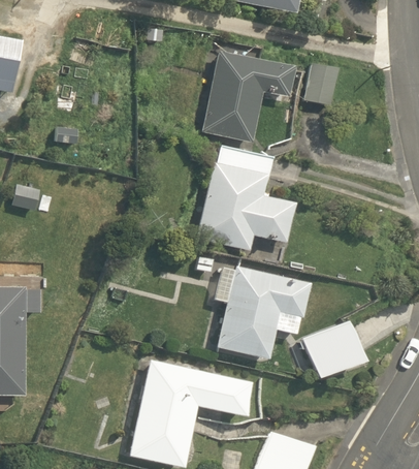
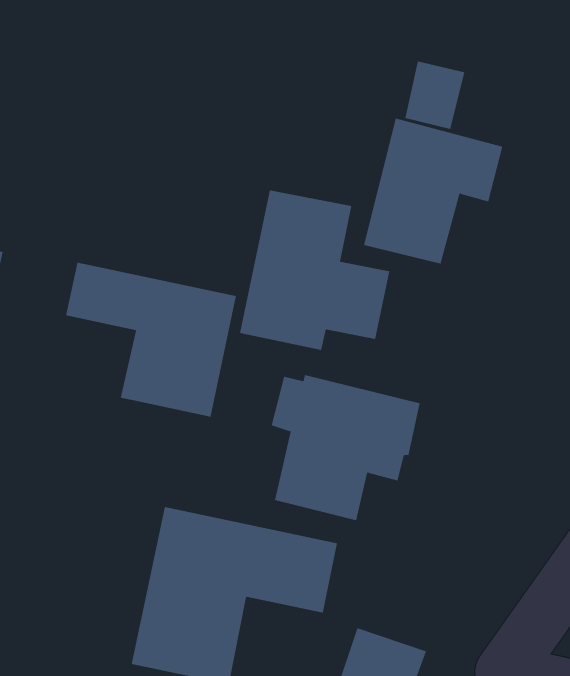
building: [199,45,290,140] -> [363,118,503,264]
building: none -> [65,262,236,417]
building: [304,320,366,380] -> none

